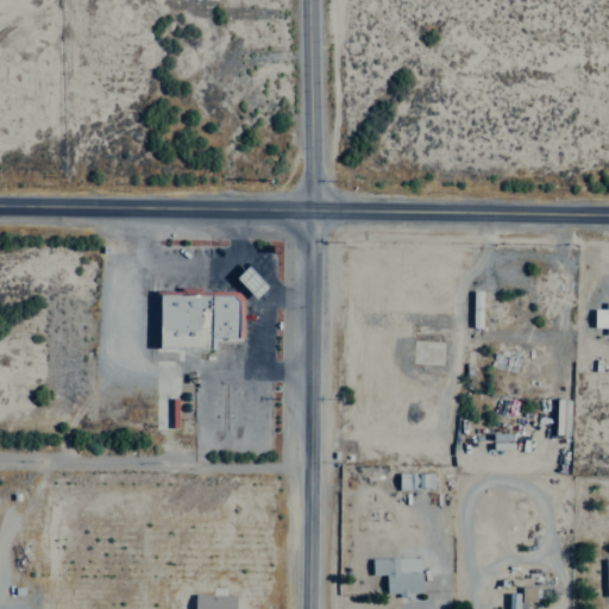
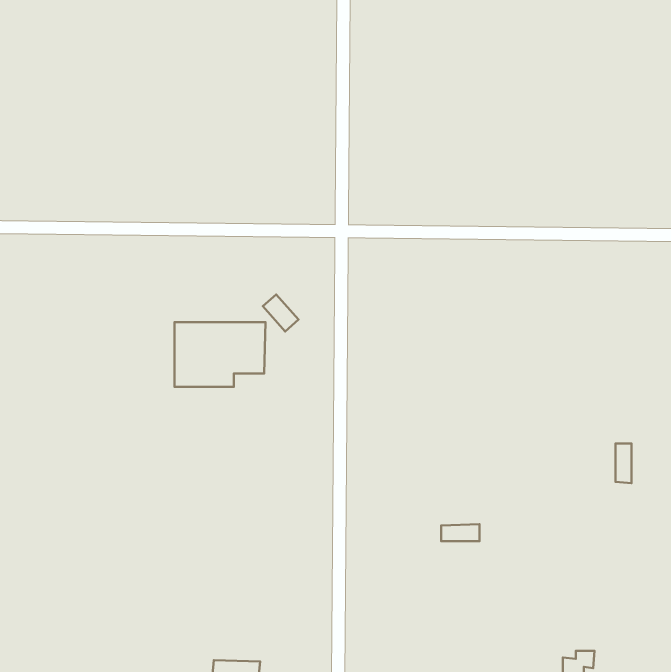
building: [373,560,423,597] -> none

